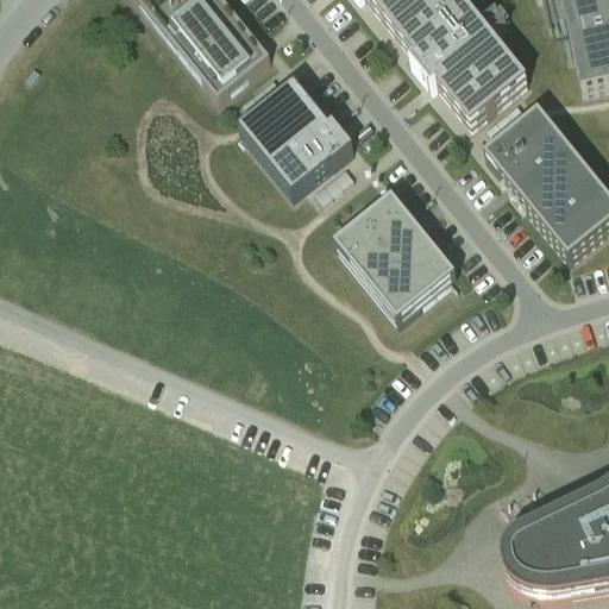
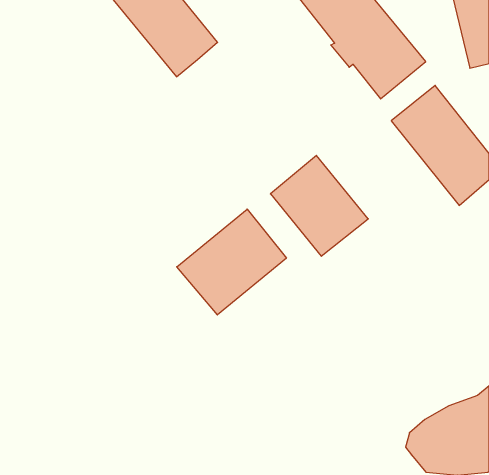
building: [239,80,354,193] -> none
building: none -> [177,209,286,315]

